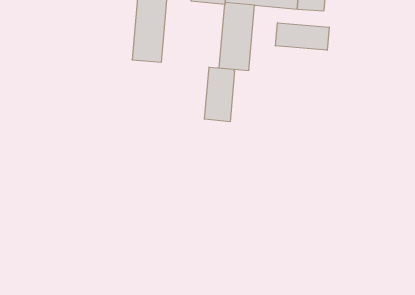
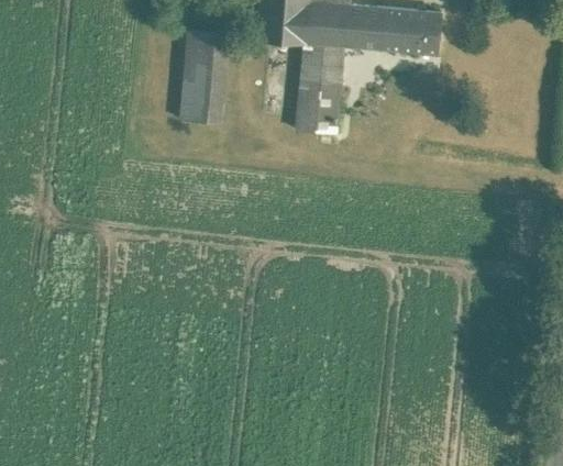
building: [276,23,329,50] -> none
building: [205,67,234,122] -> none

